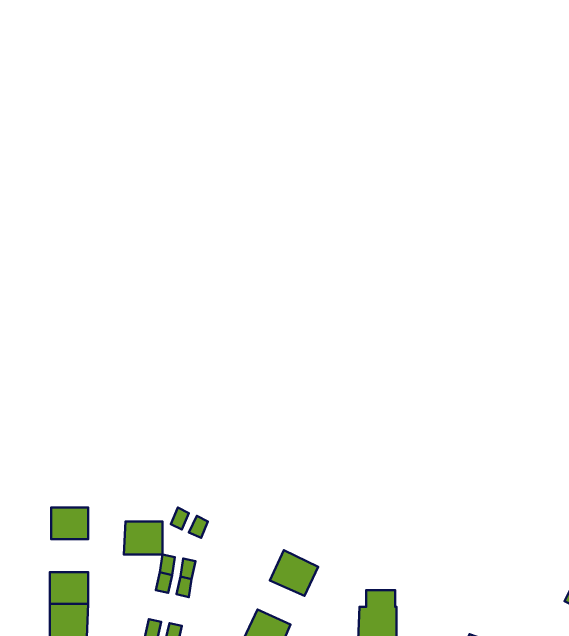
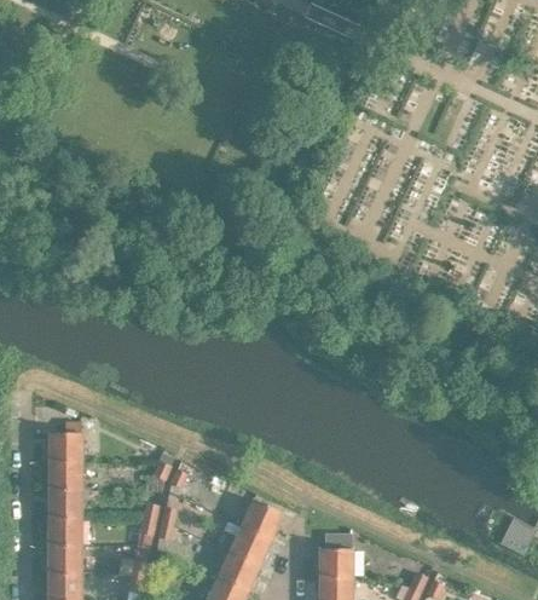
building: none -> [48,426,81,465]
building: [124,522,163,555] -> [47,492,81,521]
building: none -> [230,529,271,567]

